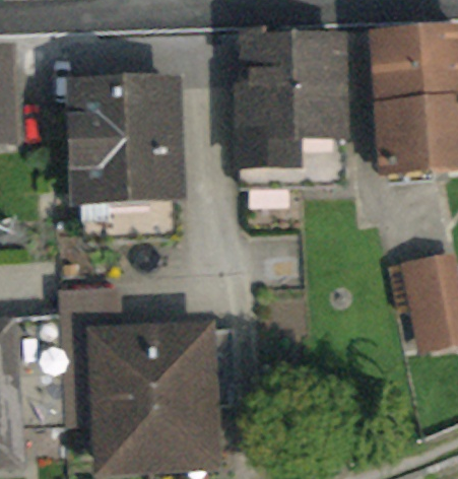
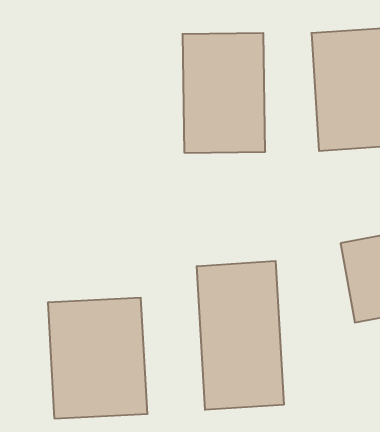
building: [72,86,161,205] -> none
building: none -> [197,261,284,410]

